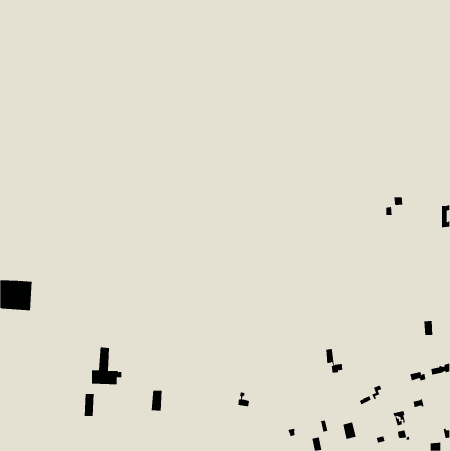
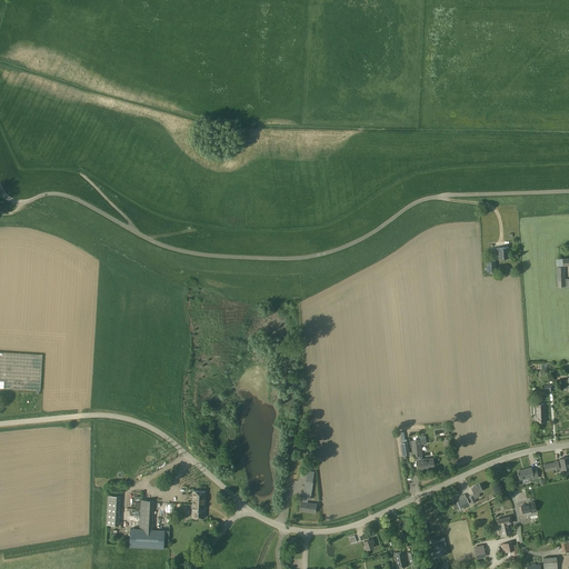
building: [91,347,122,385] -> [129,500,168,548]

